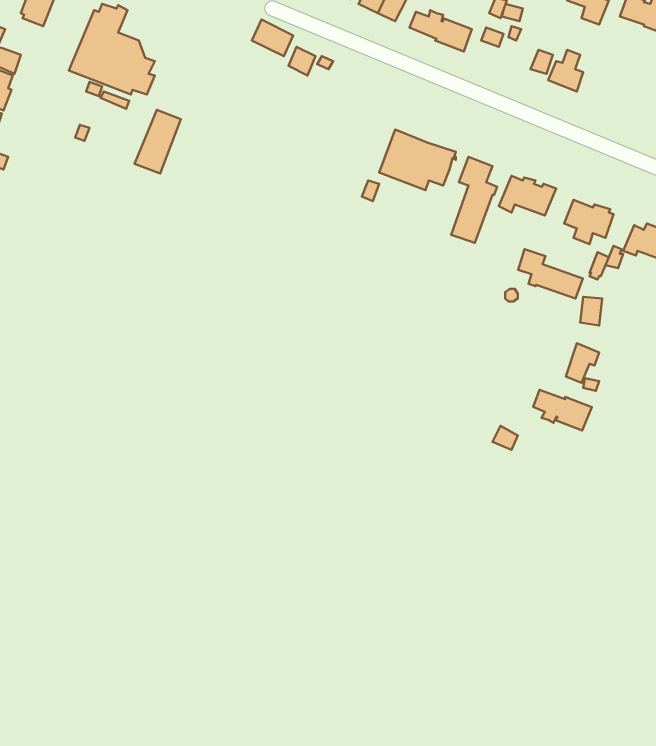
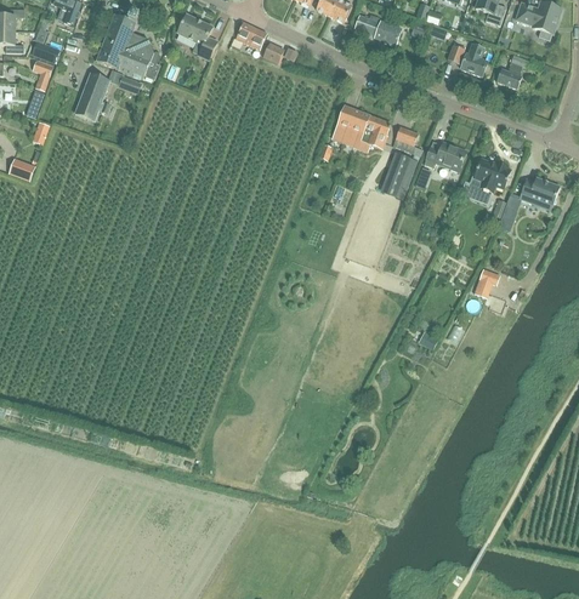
building: none -> [176,15,216,61]
building: none -> [496,55,528,90]
building: [135,110,181,173] -> [74,73,109,121]
building: [518,249,583,298] -> none
building: [533,390,592,431] -> none

